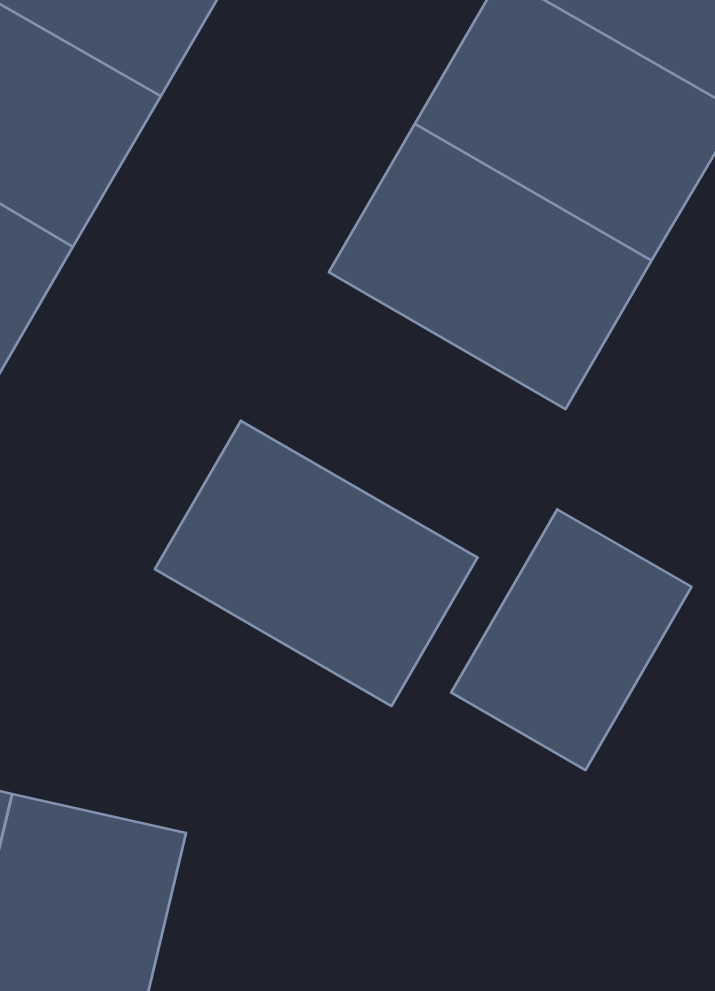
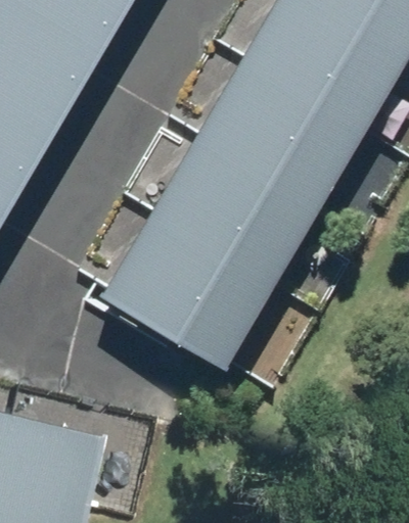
building: none -> [146,143,316,292]
building: [451,509,691,770] -> none

